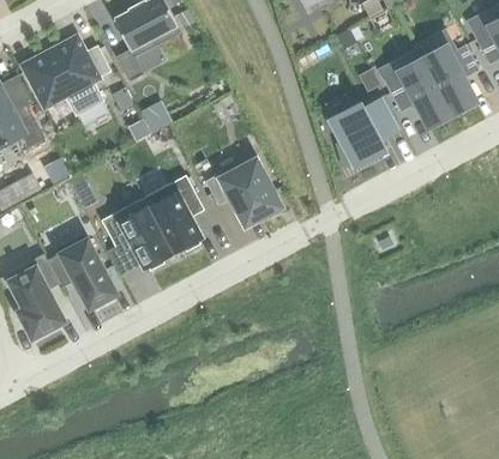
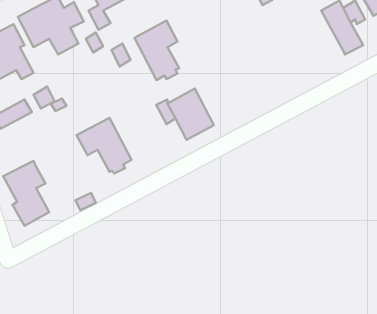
building: [381,58,451,126] -> none
building: [329,98,396,168] -> none
building: [144,175,203,253] -> [134,21,179,80]
building: [47,232,116,309] -> none

